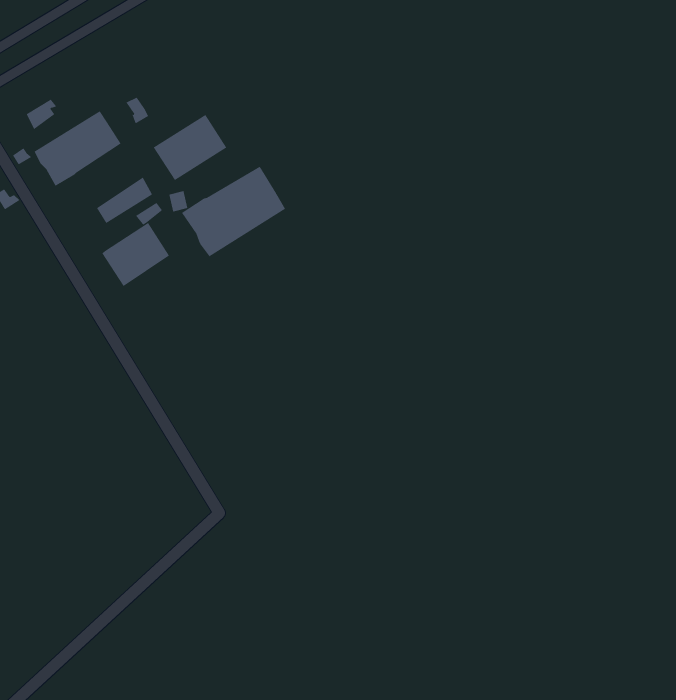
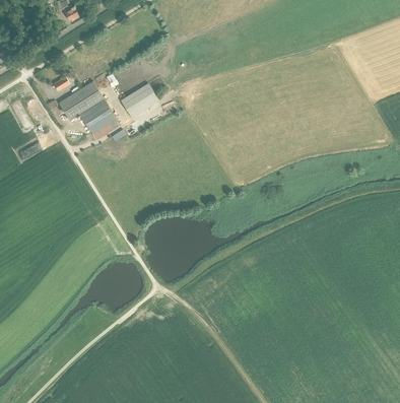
building: [181,166,286,257] -> none
building: [102,222,170,287] -> [79,98,115,132]

